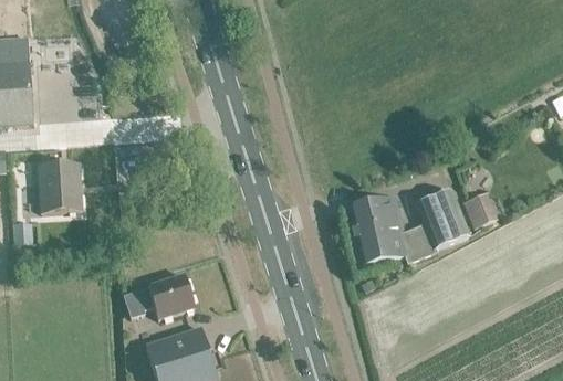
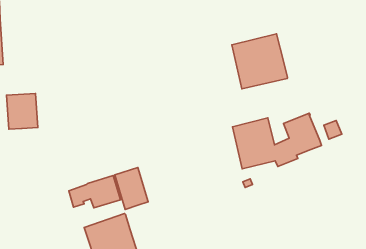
building: none -> [232,34,288,89]
building: none -> [115,167,148,209]

